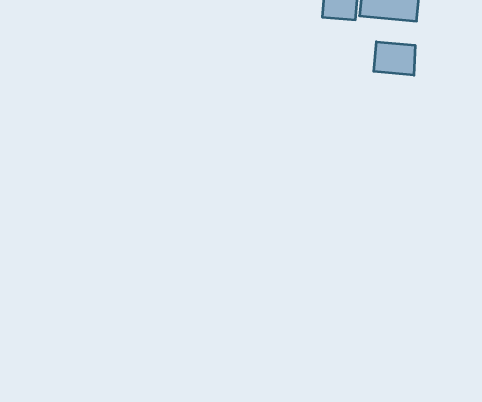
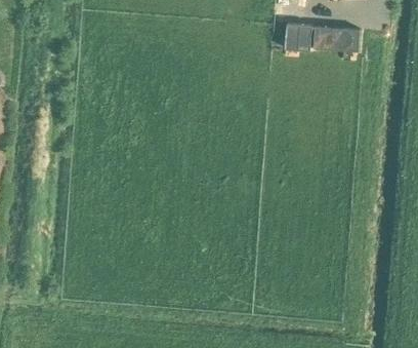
building: [374,42,415,75] -> none

